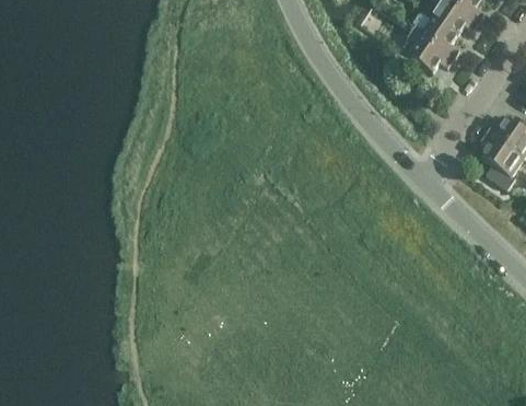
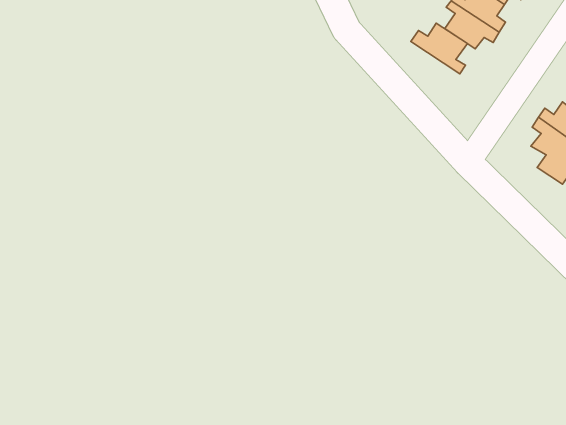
building: none -> [411,23,467,74]

